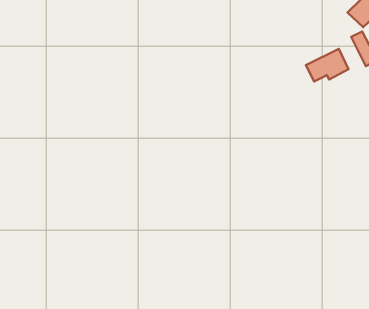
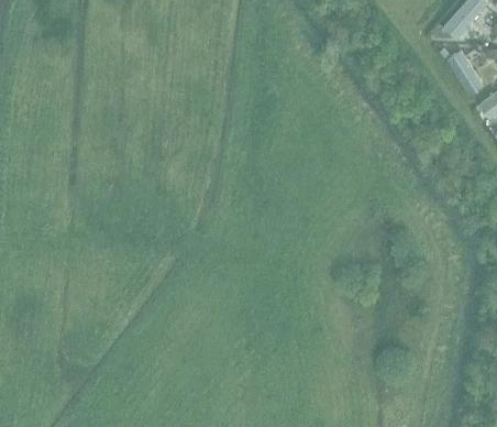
building: [306,49,348,81] -> none

